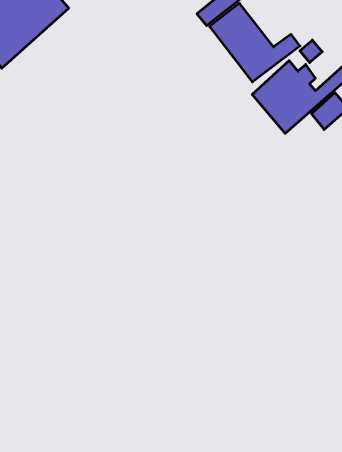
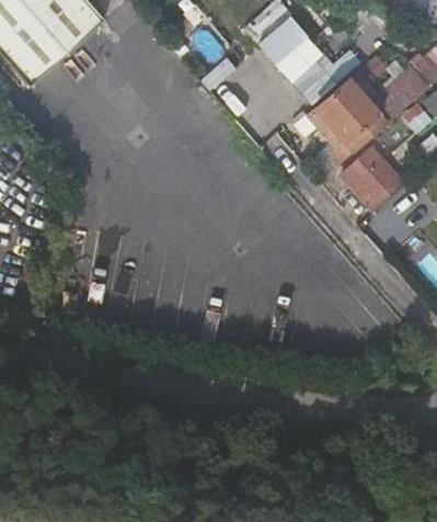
building: none -> [342,148,402,211]

